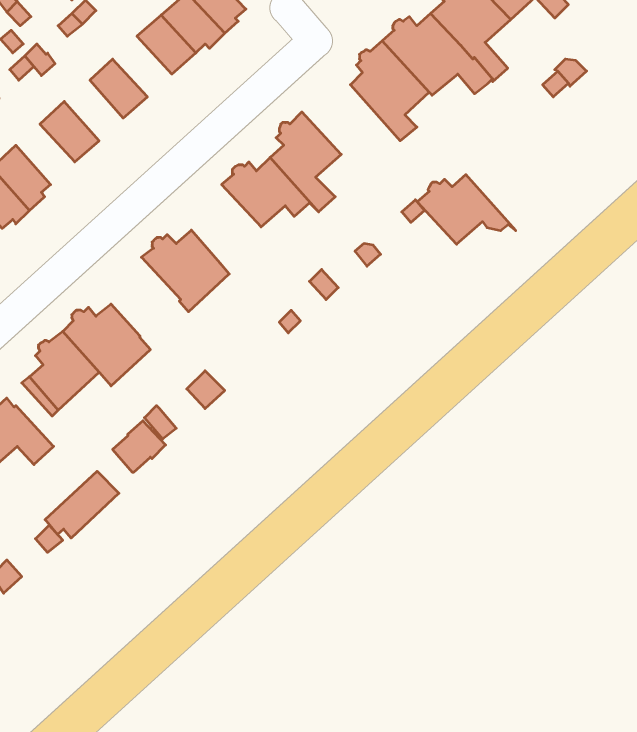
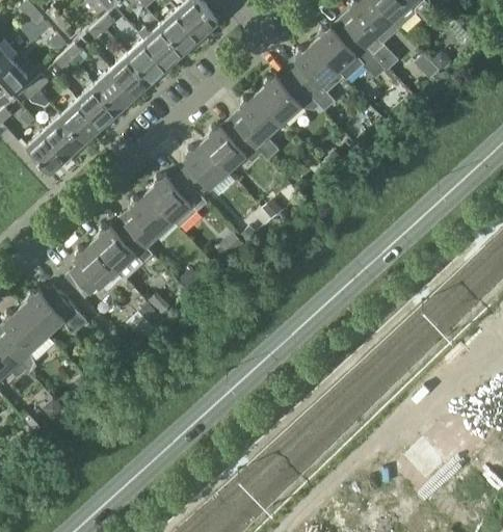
building: none -> [127,39,167,81]
building: none -> [94,70,134,111]
building: none -> [60,100,101,141]
building: [417,175,516,244] -> [257,73,324,121]
building: none -> [181,141,229,195]
building: none -> [126,191,174,245]
building: [45,471,119,538] -> none

